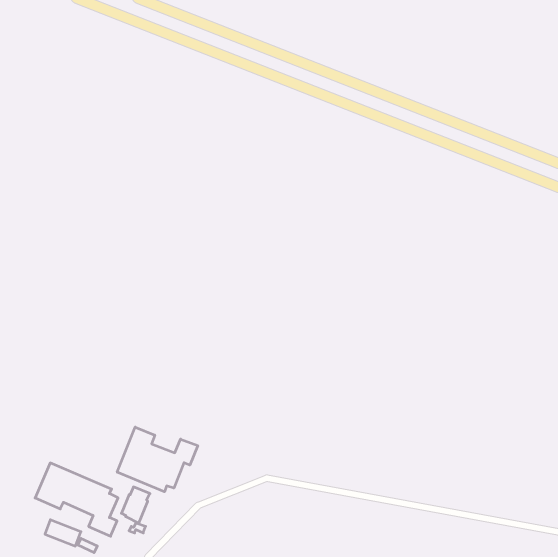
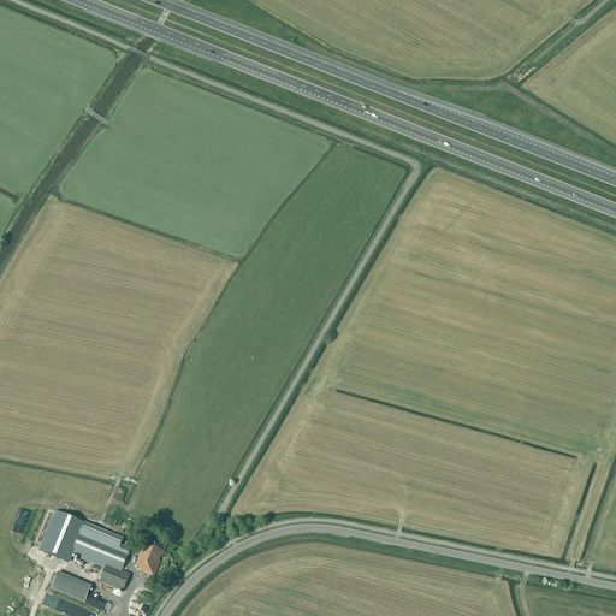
building: [117,427,198,492] -> none

